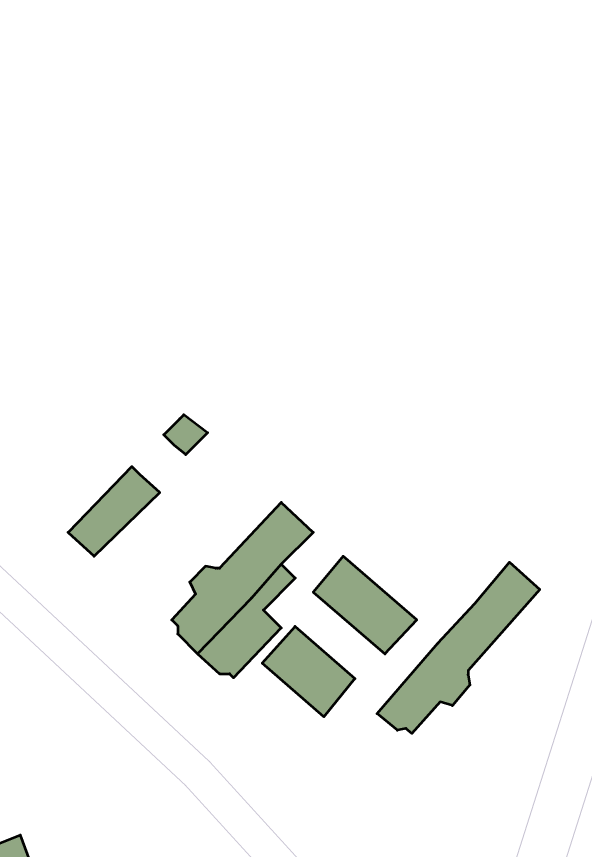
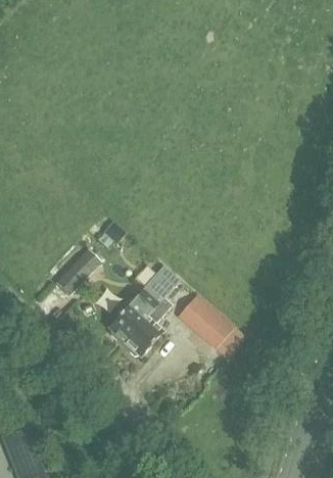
building: [377,562,540,733] -> none
building: [262,626,355,717] -> none

